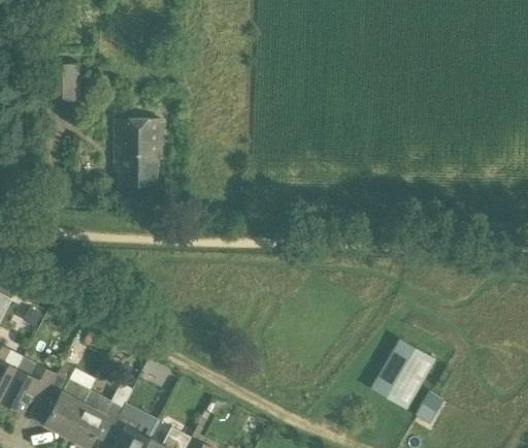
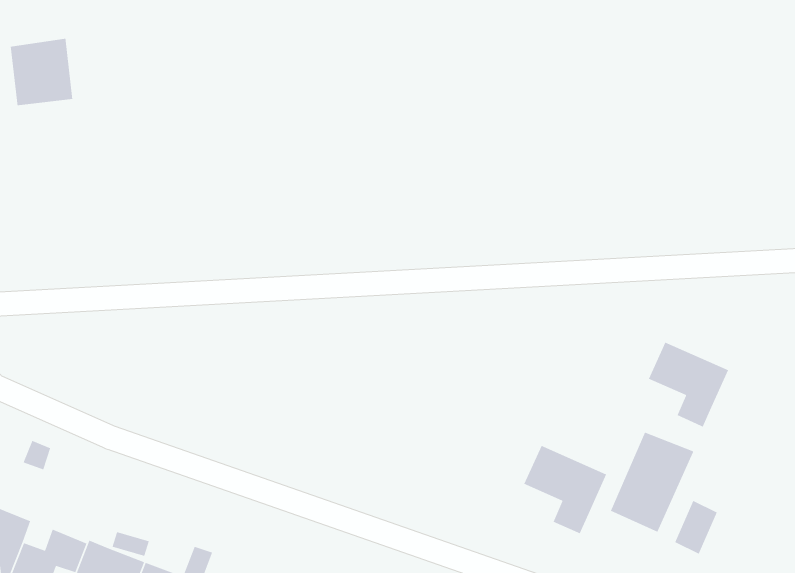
building: [114,117,160,184] -> none
building: none -> [648,342,729,428]
building: none -> [523,445,607,535]

